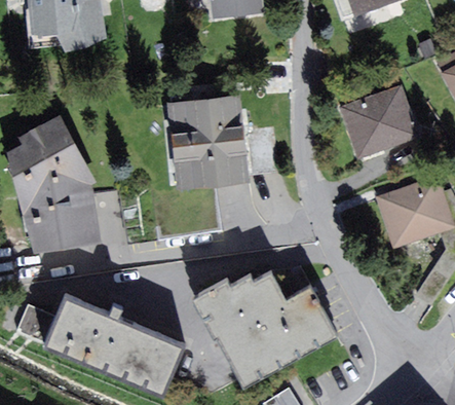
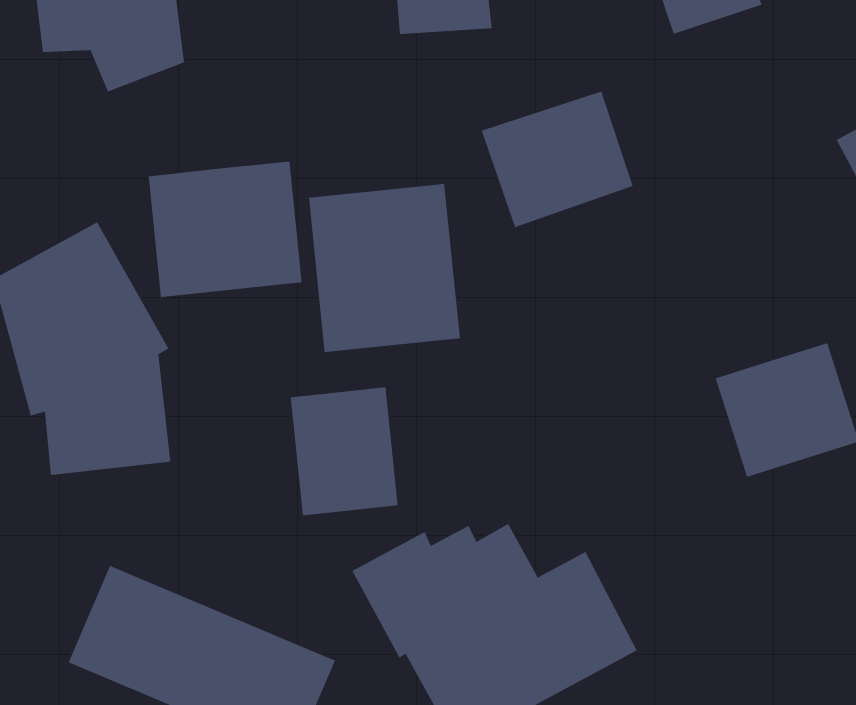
building: none -> [148,161,302,298]
building: [338,86,417,157] -> [481,91,634,228]
building: none -> [290,387,398,516]

